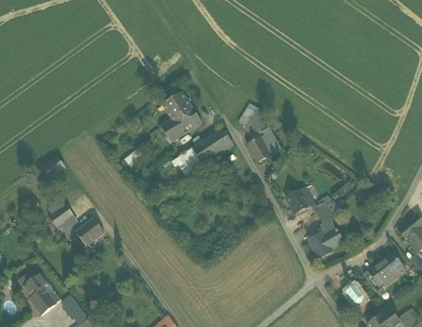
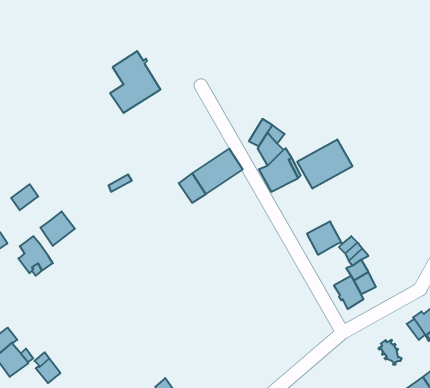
building: [160,91,202,142] -> [110,51,161,113]
building: none -> [297,139,352,189]
building: [76,218,104,246] -> [40,211,75,246]

